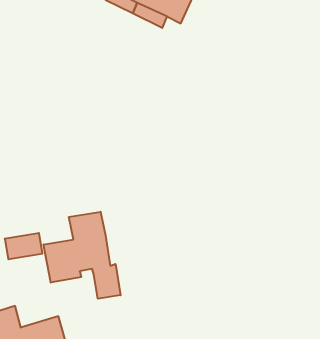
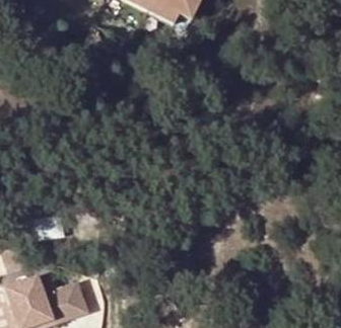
building: [44,212,121,299] -> none

